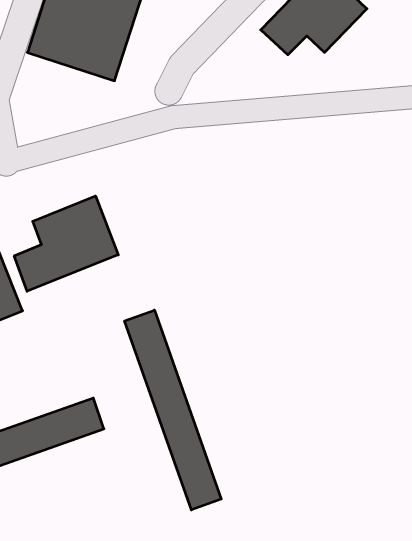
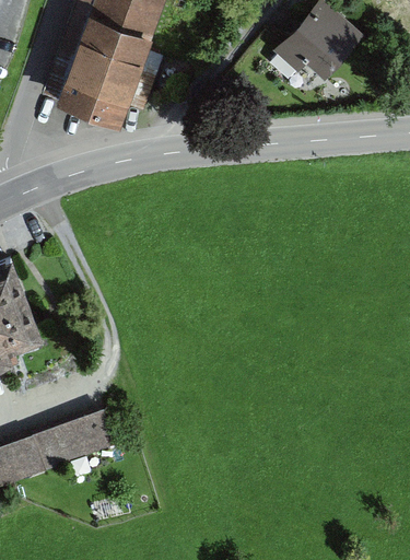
building: [14,196,118,291] -> none
building: [125,310,221,510] -> none

